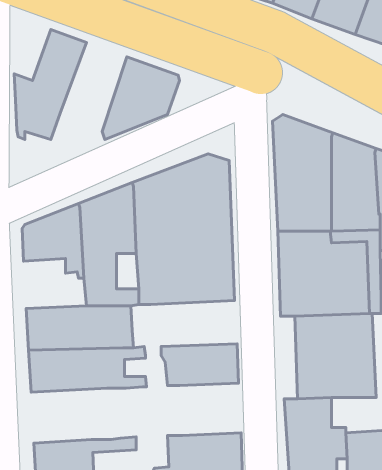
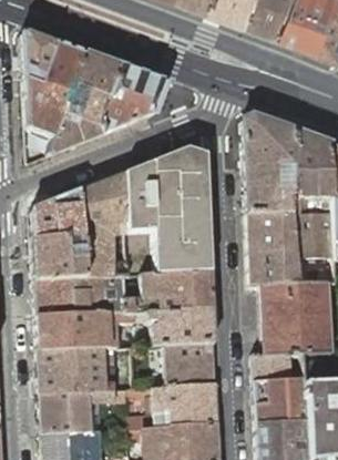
building: none -> [22,31,55,85]
building: none -> [49,53,120,155]
building: none -> [32,236,85,278]
building: none -> [124,272,213,311]
building: none -> [135,341,216,387]
building: none -> [39,346,114,392]

